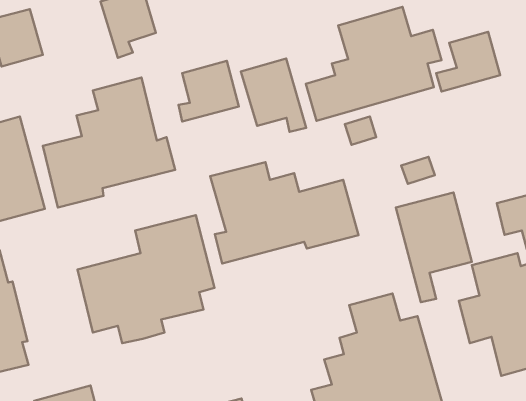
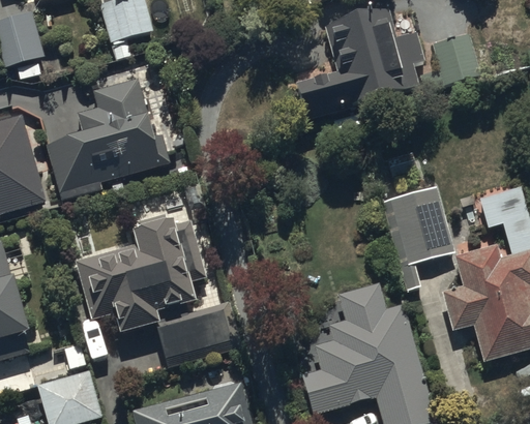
building: [241,59,306,132] -> none
building: [178,61,239,122] -> none
building: [210,162,359,264] -> none
building: none -> [157,303,240,367]

